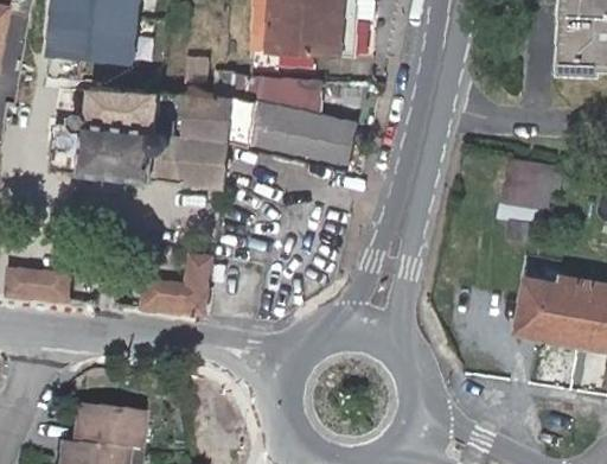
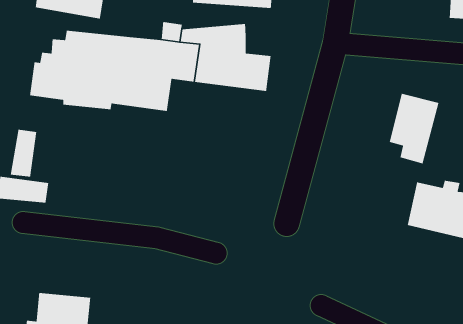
building: none -> [10,129,37,177]
building: [141,260,210,316] -> none

